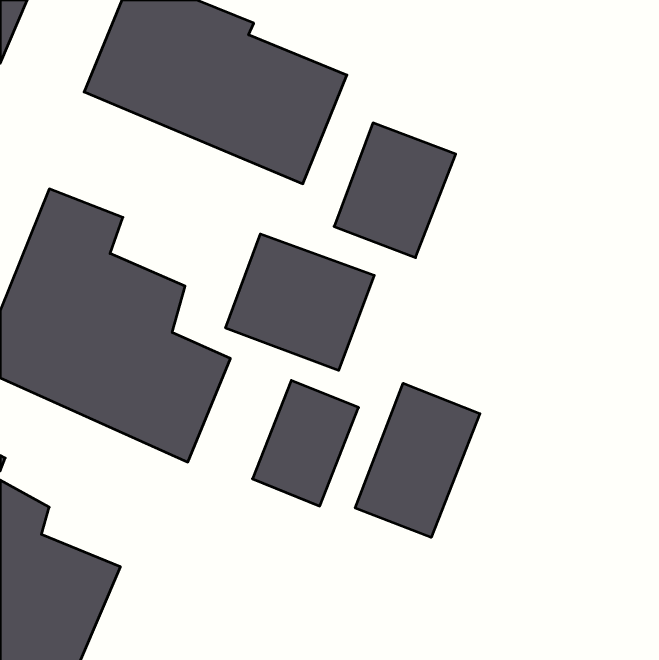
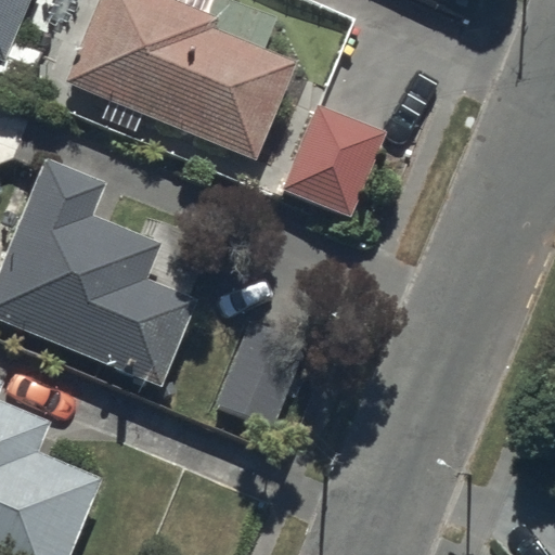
building: [226,234,374,370] -> none
building: [355,383,480,537] -> none

